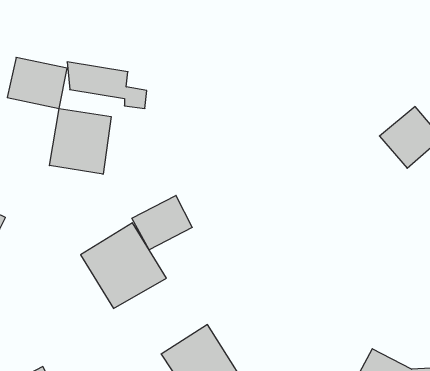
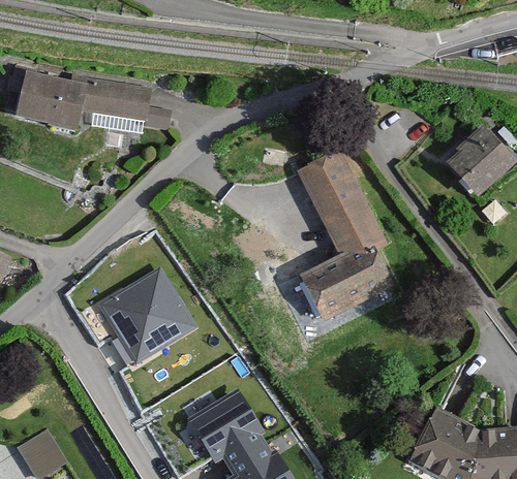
building: [49,108,111,174] -> none
building: none -> [295,151,397,323]
building: [132,195,192,250] -> none

